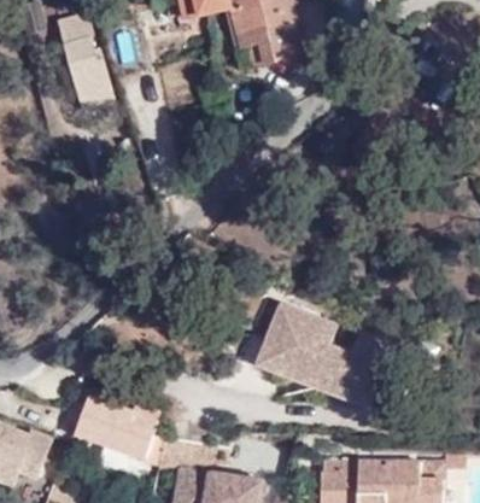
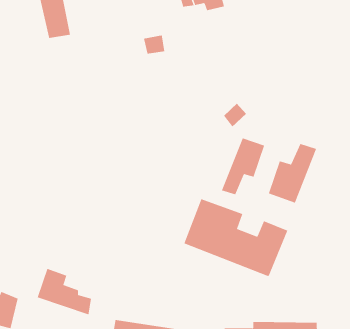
building: none -> [221,138,265,195]
building: none -> [268,143,317,203]

